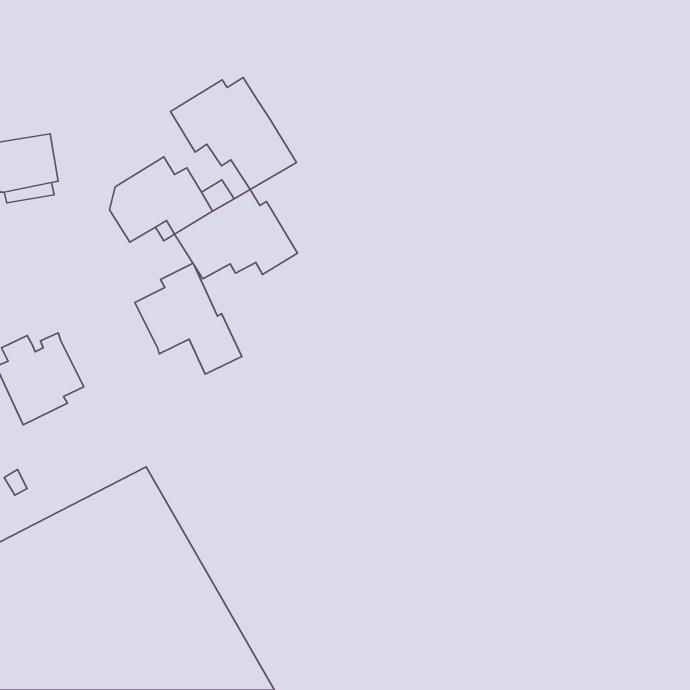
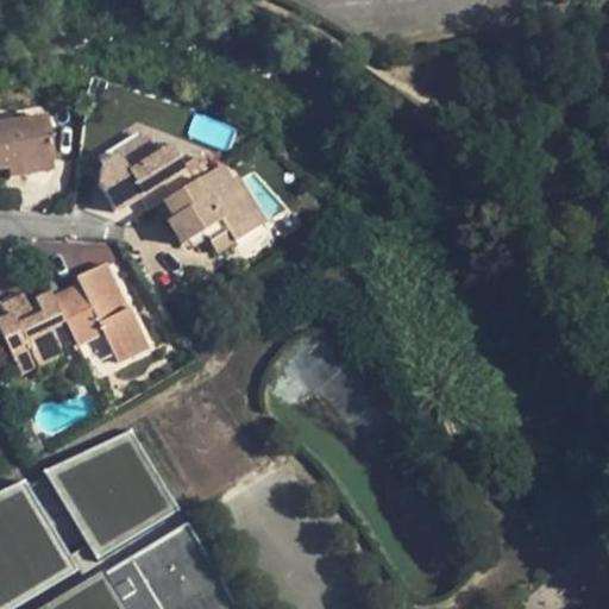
building: [171,77,297,189] -> none
building: [135,263,242,374] -> [54,265,147,363]

